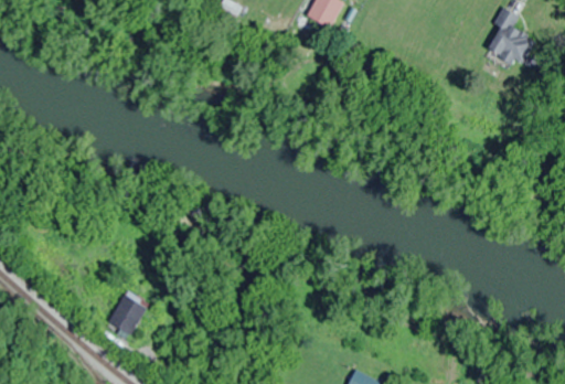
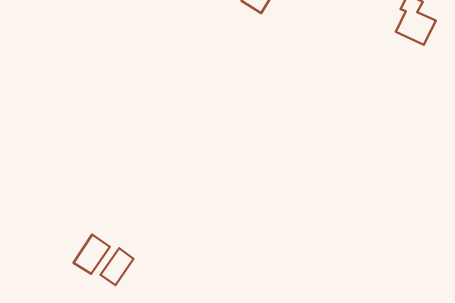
building: none -> [100,248,133,285]

